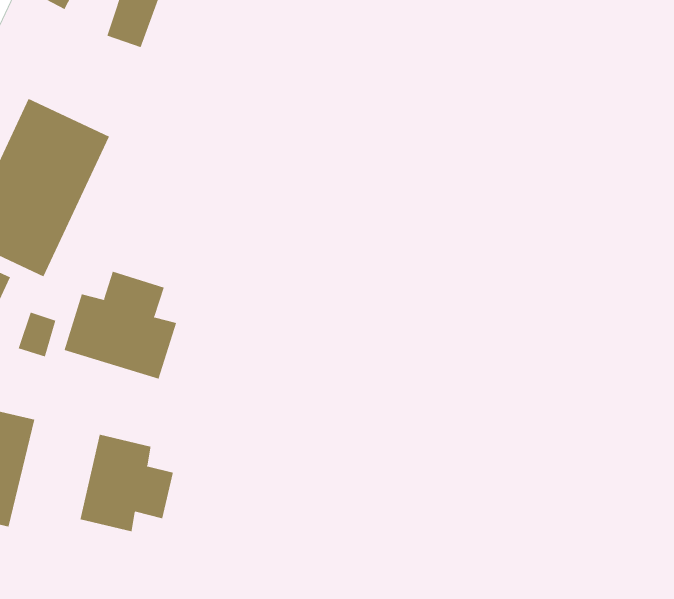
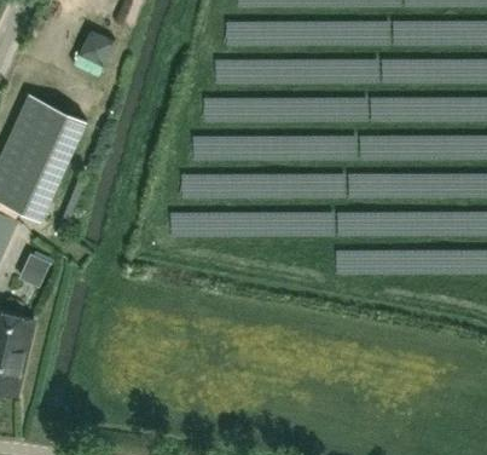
building: [64,271,177,379] -> none
building: [80,434,174,532] -> none

